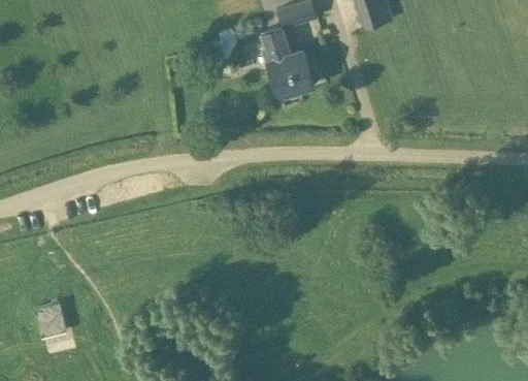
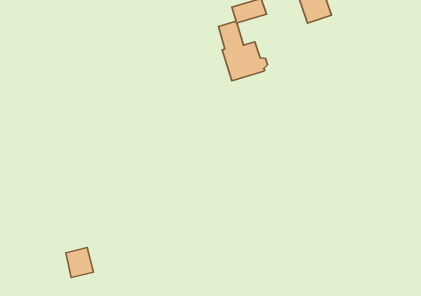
building: [34,303,66,338] -> [66,247,93,278]

